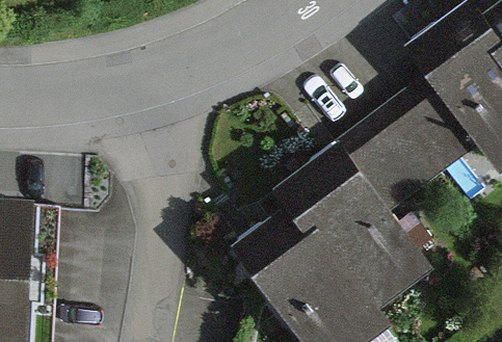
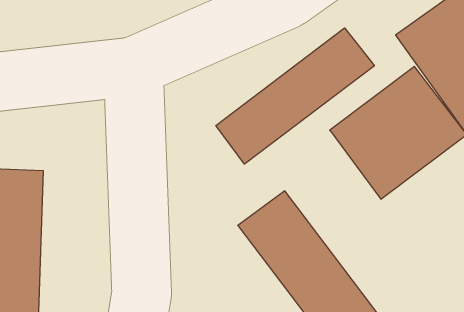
building: none -> [216,28,374,164]
building: [279,143,430,317] -> none

